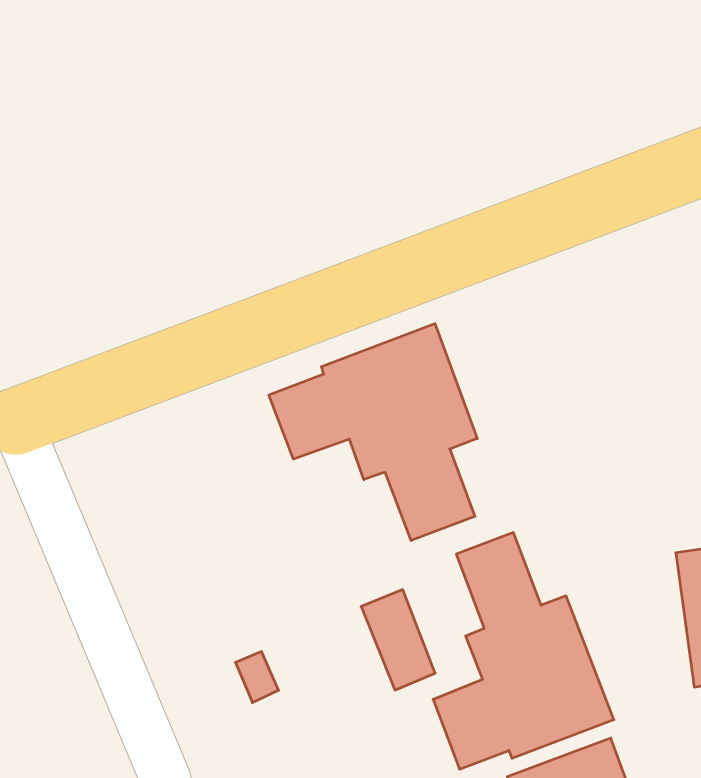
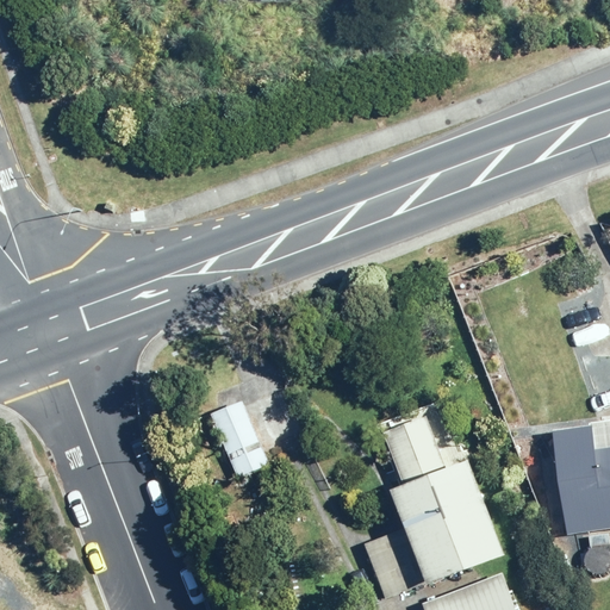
building: [269,324,477,541] -> none
building: [361,590,435,690] -> [211,399,268,477]

